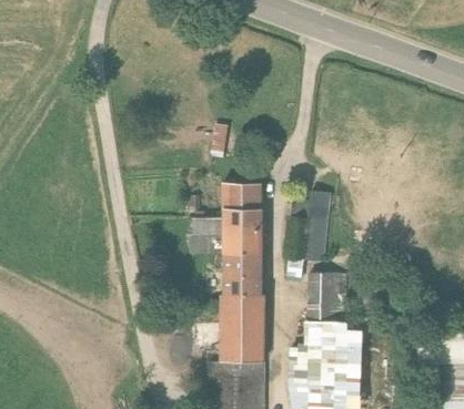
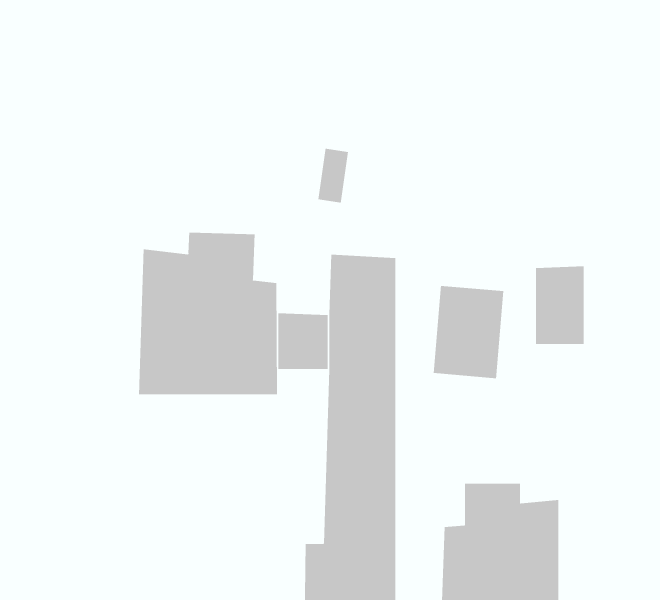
building: none -> [138,232,278,395]
building: [309,276,339,324] -> [535,266,585,345]

